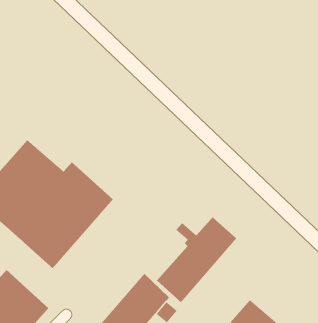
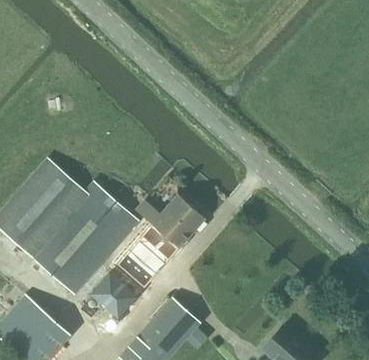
building: [156,217,237,303] -> [118,196,204,287]
building: none -> [90,273,136,318]

